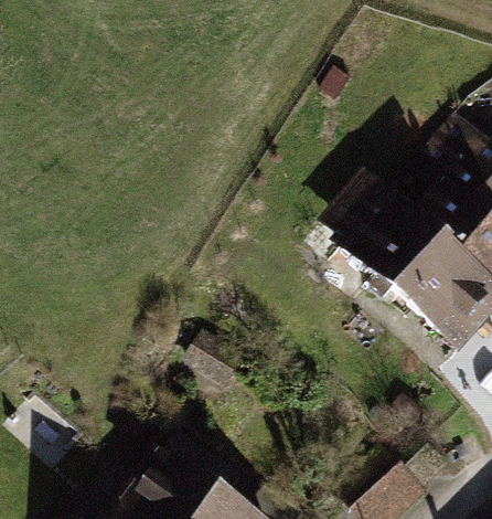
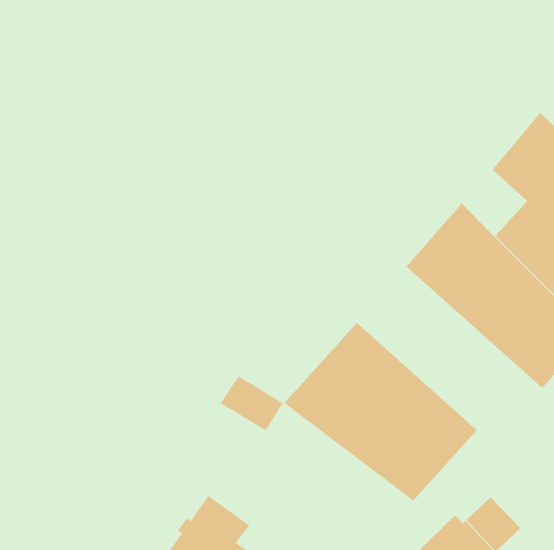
building: none -> [283,322,478,501]

